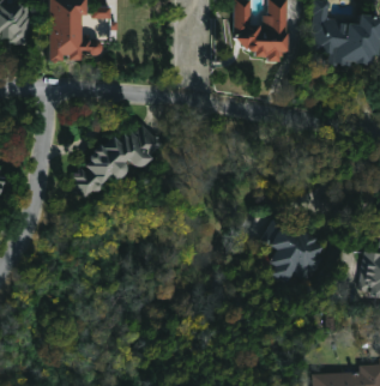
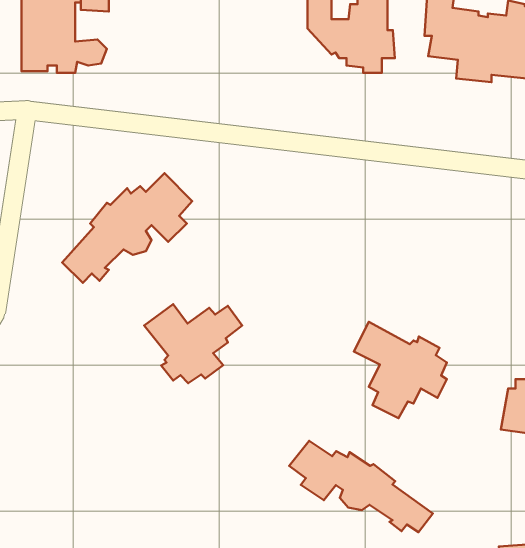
building: none -> [144,304,242,383]
building: none -> [289,441,433,532]

